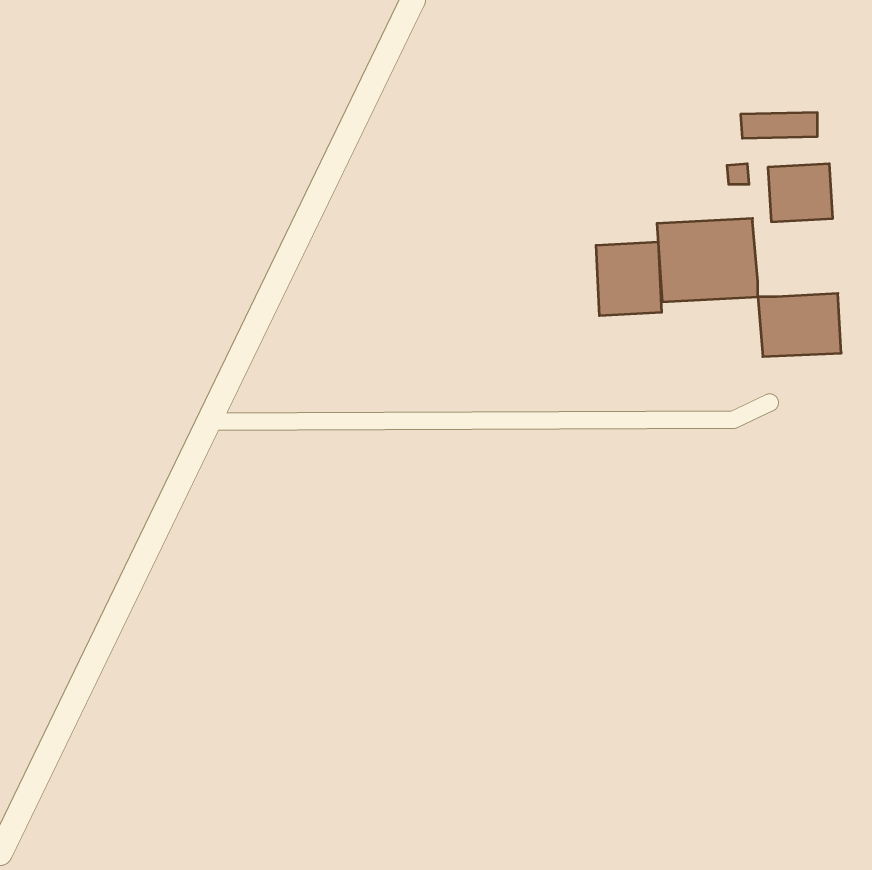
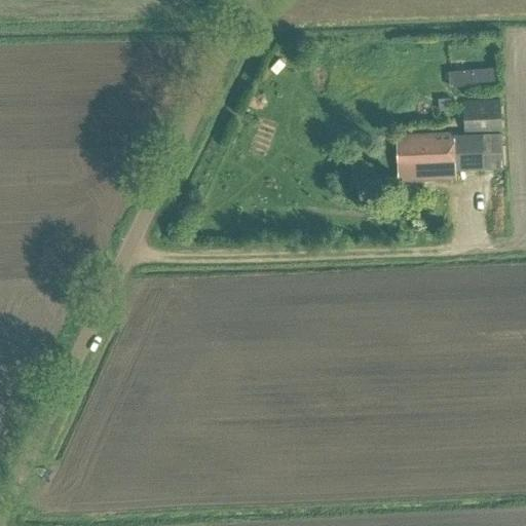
building: [596,242,662,316] -> none
building: [758,293,841,357] -> [453,133,503,171]

